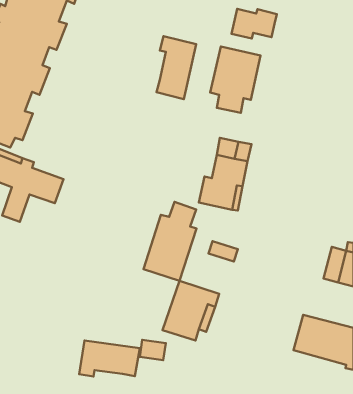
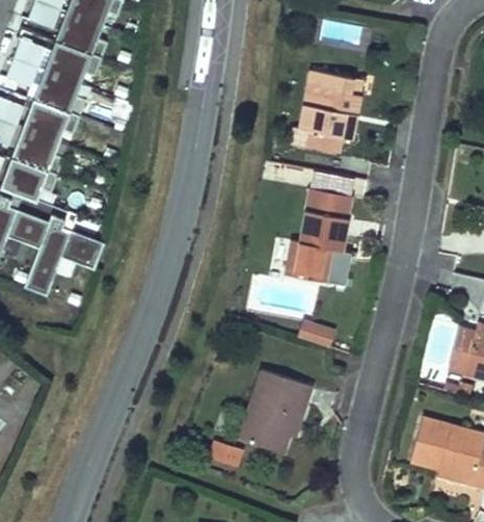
building: [232,9,277,38] -> none
building: [157,36,196,99] -> none
building: [143,202,197,281] -> none
building: [79,341,140,376] -> none

